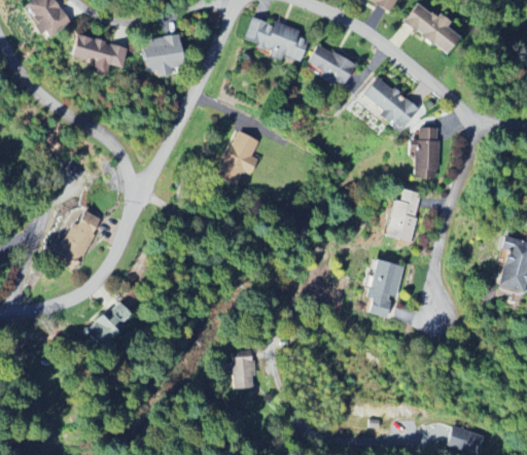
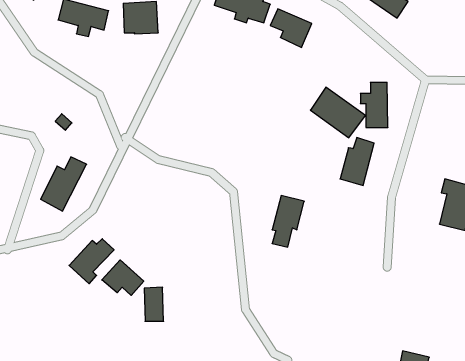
building: [358,75,420,132] -> [310,87,365,138]
building: [218,130,259,184] -> none
building: [370,259,406,317] -> [272,196,304,247]
building: none -> [102,260,144,295]
building: [233,350,254,388] -> [144,287,164,321]

